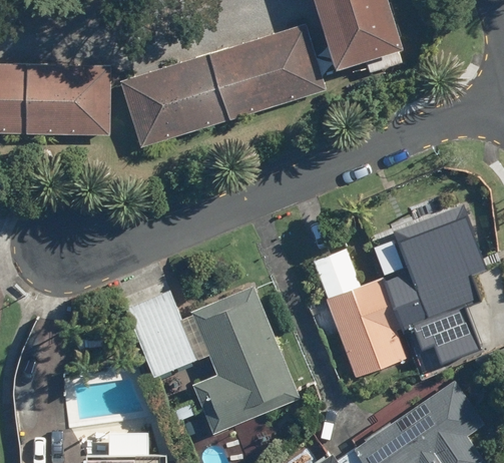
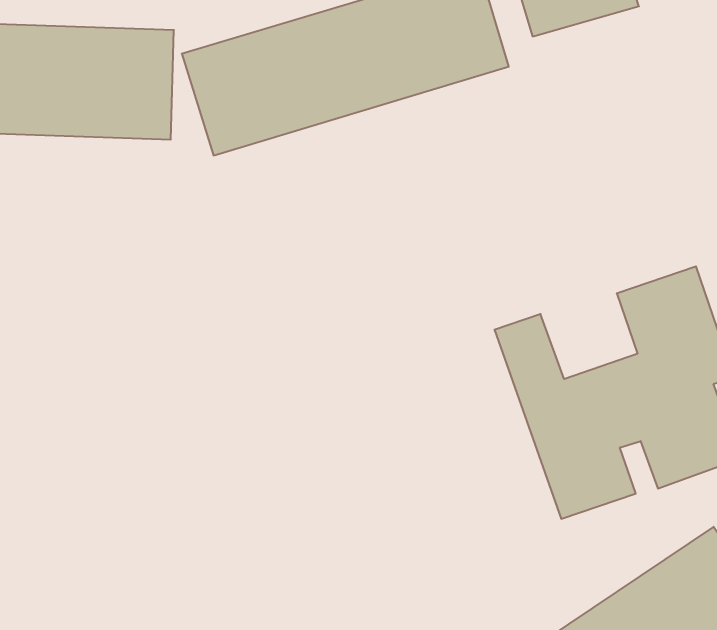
building: [124,288,297,431] -> none

